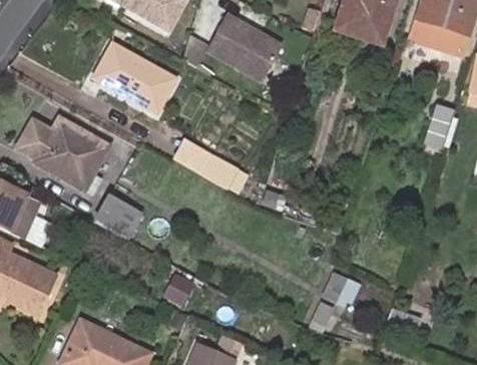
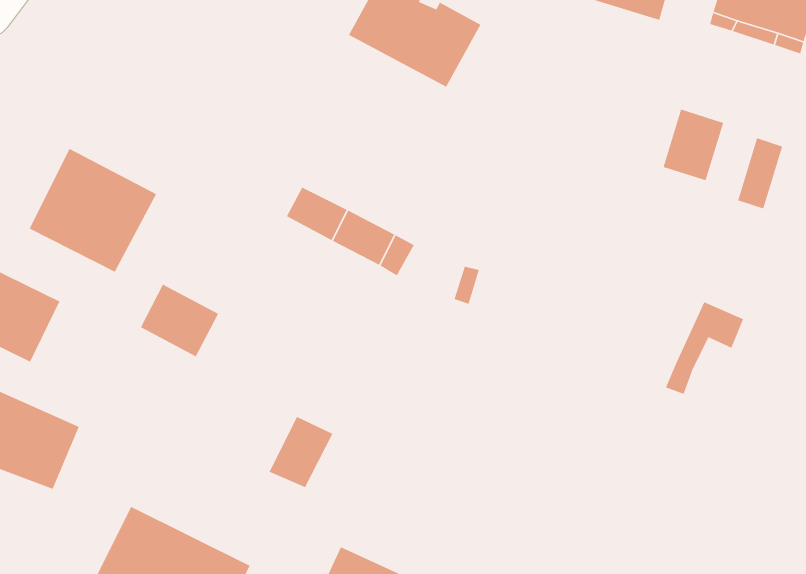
building: [95,43,176,109] -> none
building: none -> [663,109,724,181]
building: [314,274,359,327] -> [665,301,744,395]

